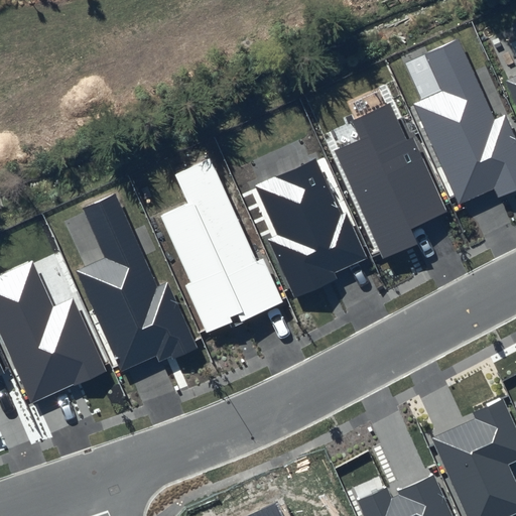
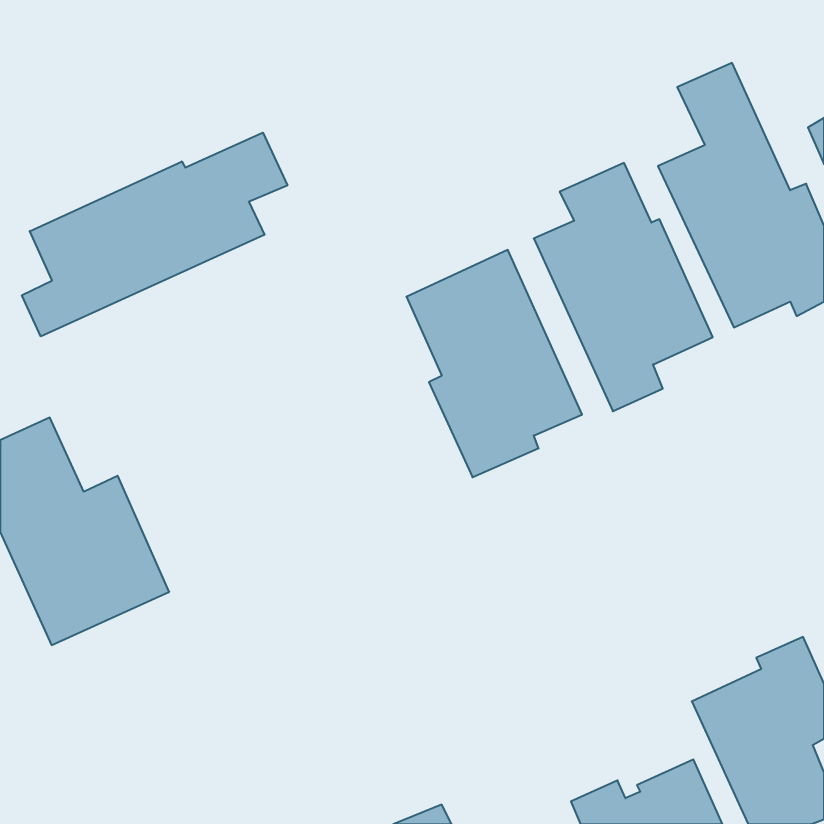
building: none -> [22,133,287,336]
building: [159,157,282,335] -> none
building: [76,196,198,371] -> none

